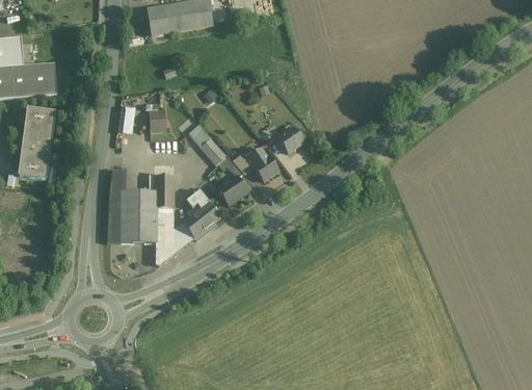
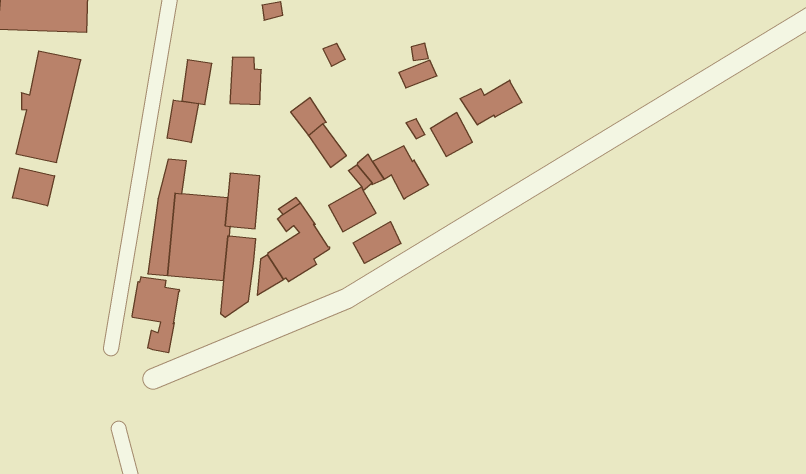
building: none -> [460,80,522,125]
building: none -> [167,100,198,143]
building: none -> [13,168,55,206]
building: none -> [353,222,401,263]
building: none -> [132,277,180,353]

